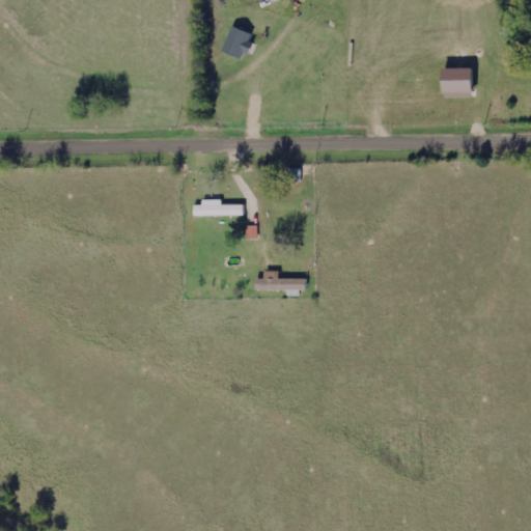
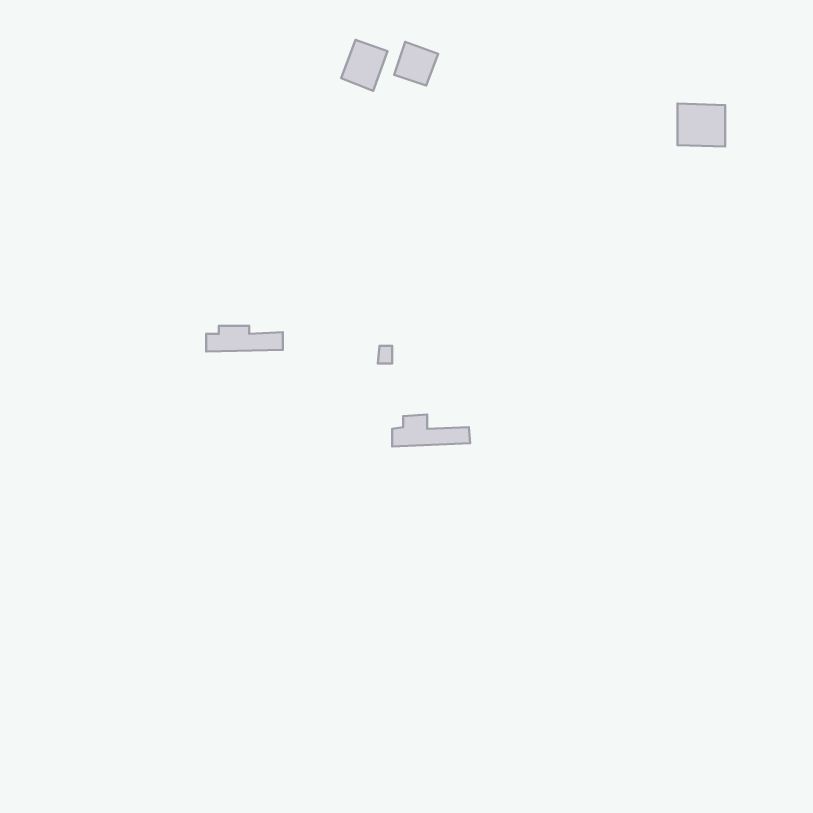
building: none -> [394,42,438,86]
building: [193,199,243,216] -> [206,326,283,351]

